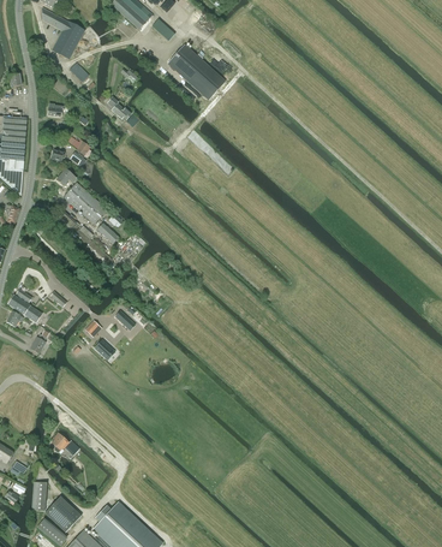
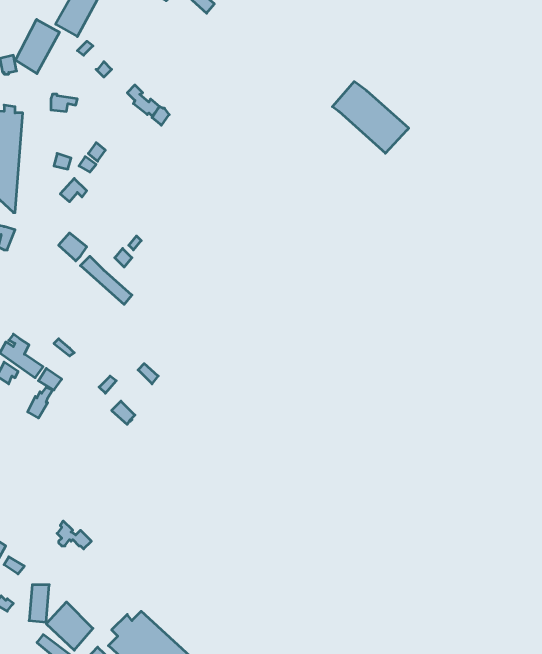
building: [167,44,226,100] -> [332,82,409,153]
building: none -> [16,19,59,74]
building: [64,183,107,224] -> none

